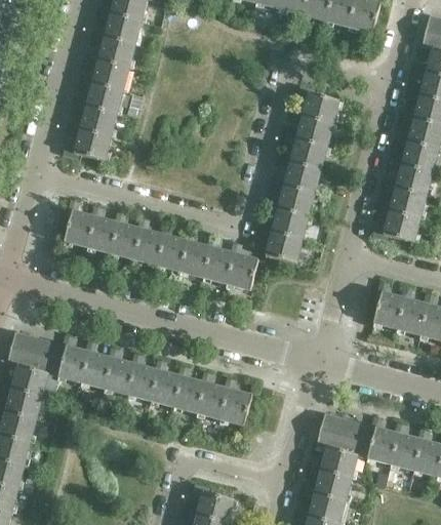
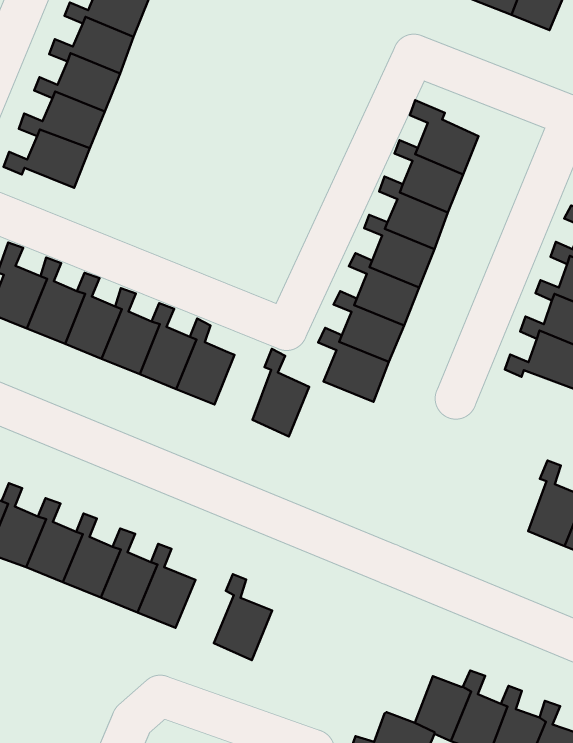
building: [203,235,234,284] -> none
building: [373,280,404,329] -> none
building: [197,370,229,418] -> none
building: [316,413,352,450] -> none

